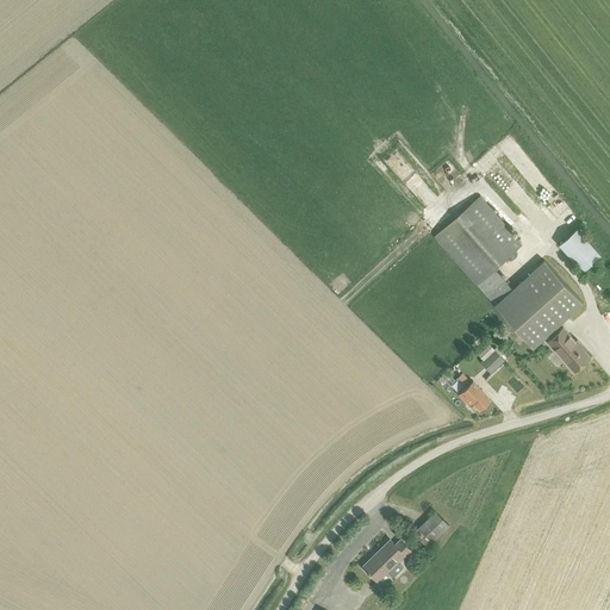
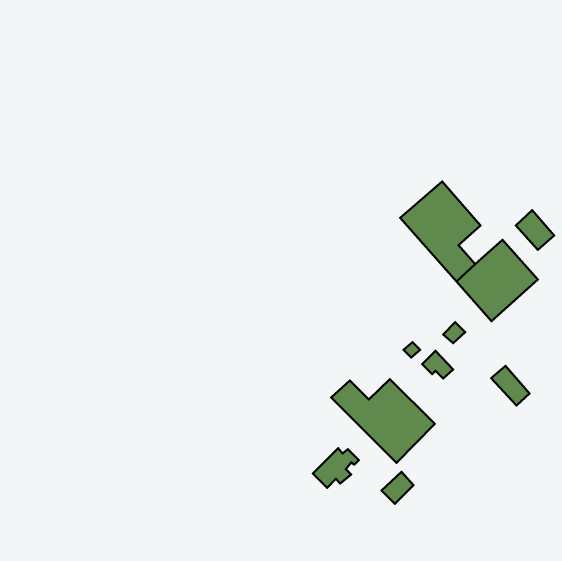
building: [547,329,589,372] -> [491,366,530,406]
building: none -> [331,379,435,463]
building: [362,540,412,583] -> [313,448,359,488]

